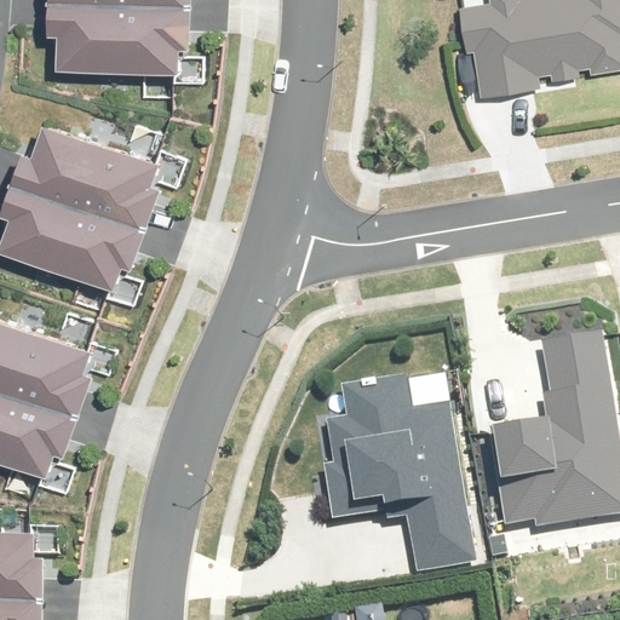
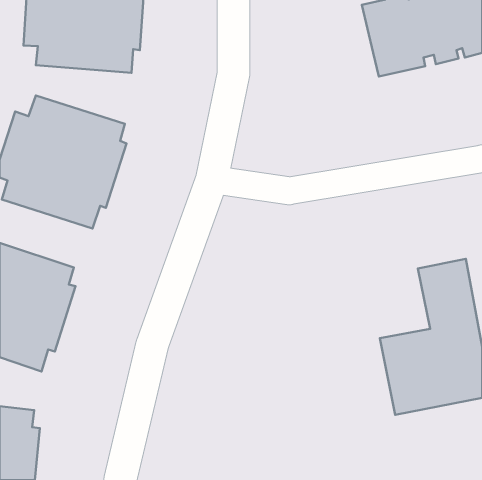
building: [320,378,478,573] -> none

